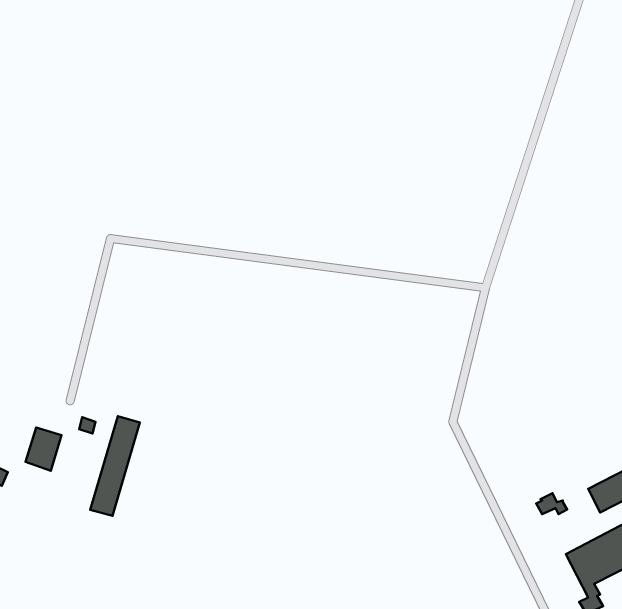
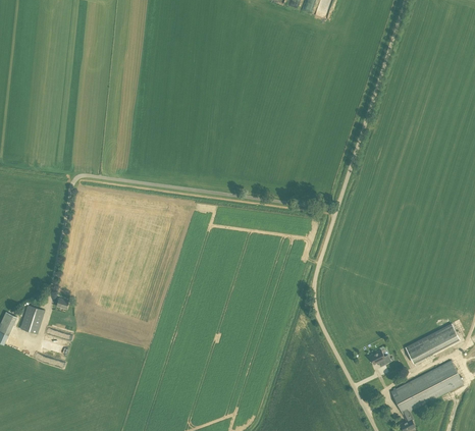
building: [90,416,140,516] -> none

